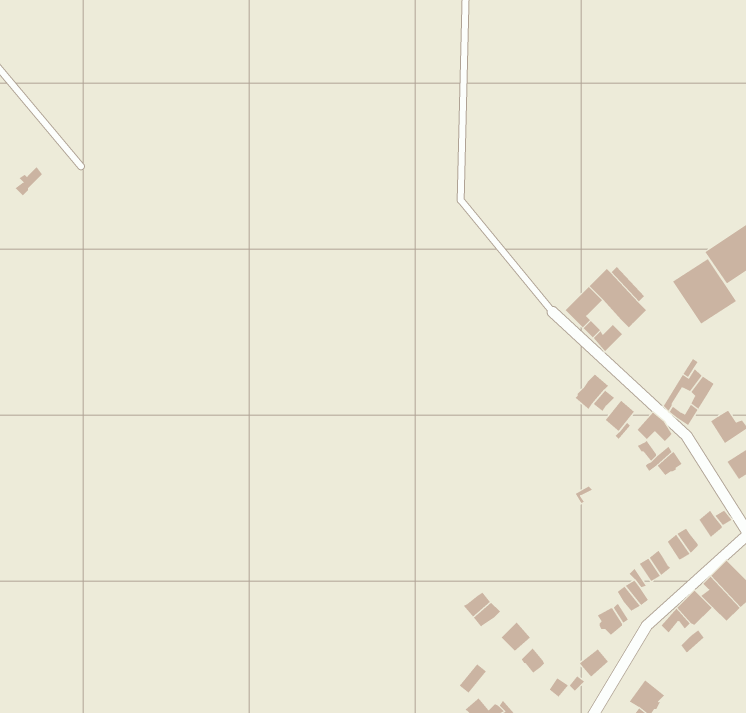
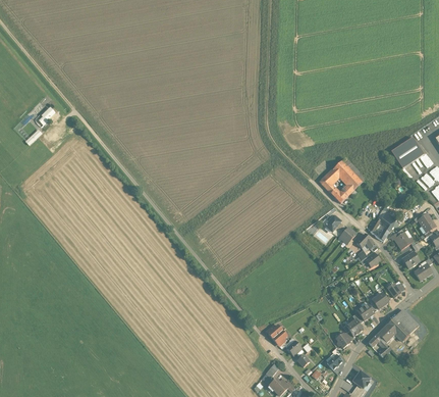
building: [672,258,737,325] -> none

